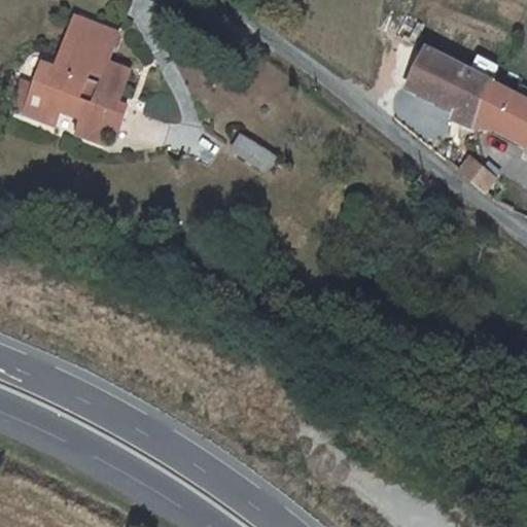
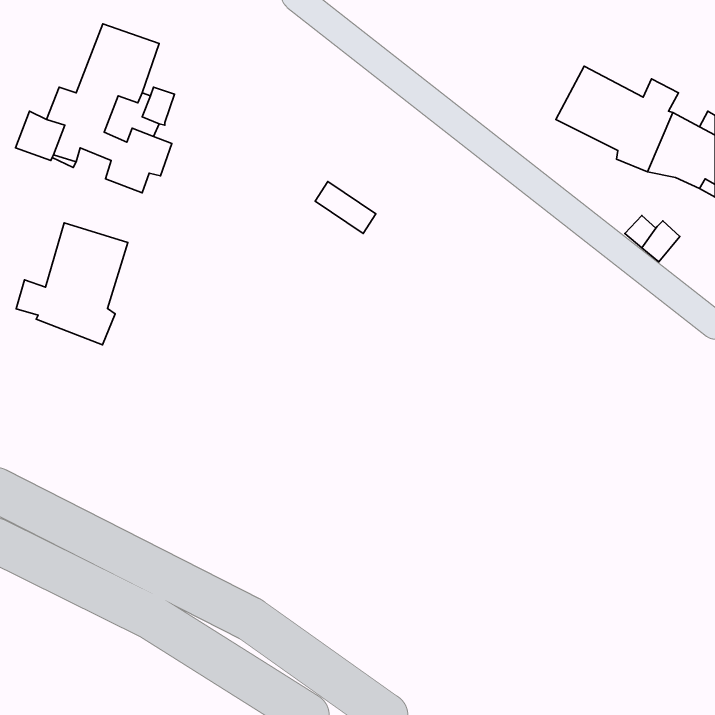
building: none -> [16,223,128,345]

